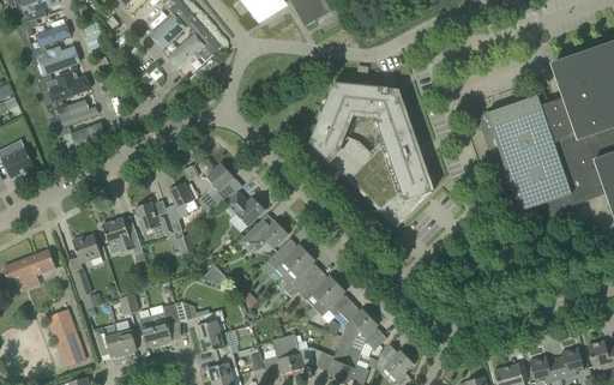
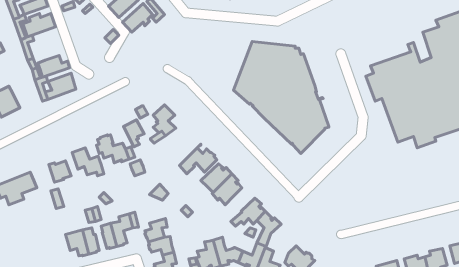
building: [49,72,90,102] -> none
building: [225,192,265,227] -> none
building: [299,270,337,300] -> none
building: [47,309,85,366] -> none
building: [350,317,387,351] -> none

